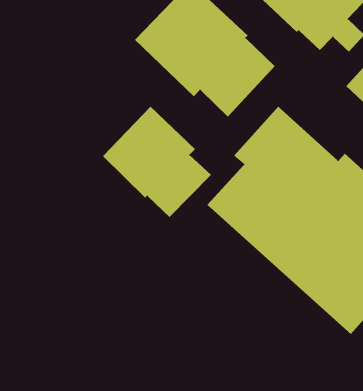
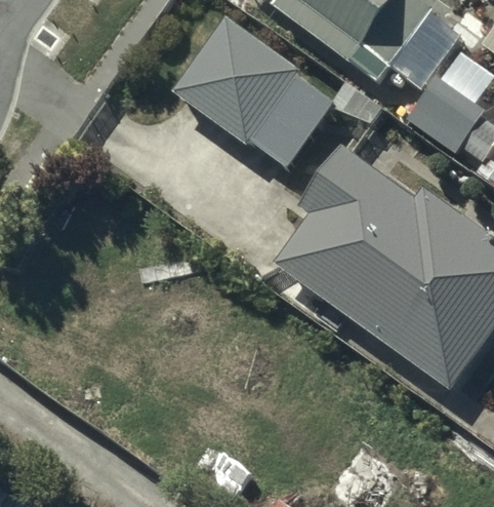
building: [102,106,212,218] -> none

